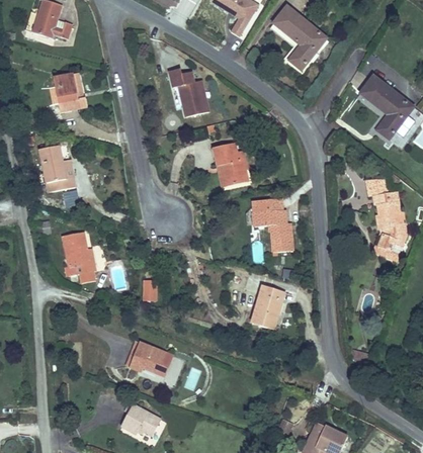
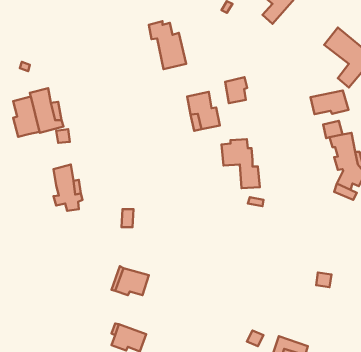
building: [48,69,83,110] -> none
building: none -> [225,77,247,103]
building: none -> [311,91,348,114]
building: none -> [13,97,40,137]
building: [249,287,286,335] -> none

